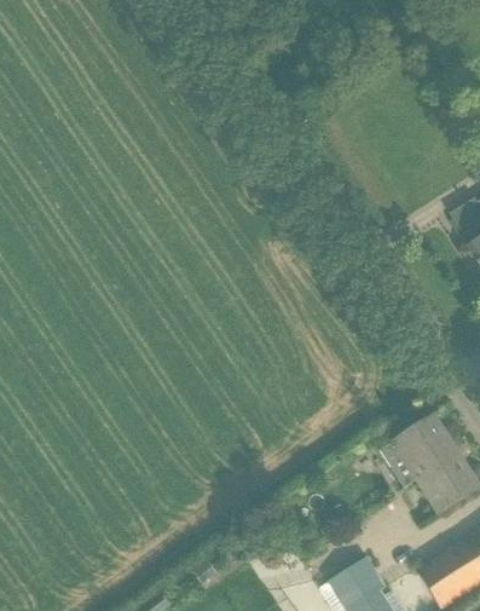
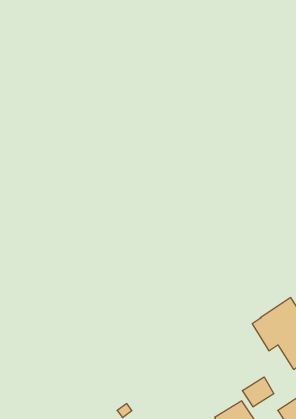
building: none -> [242,377,274,407]

